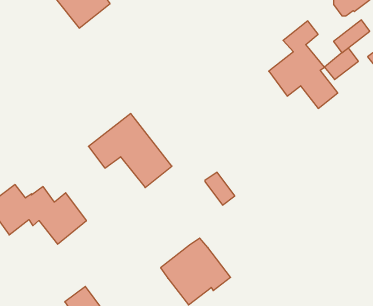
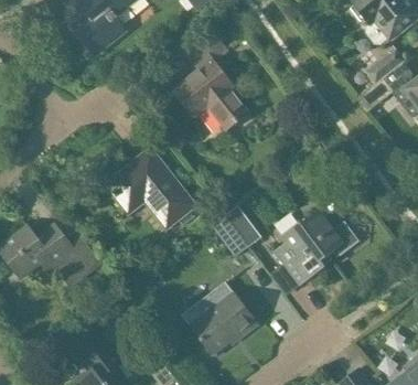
building: [269,21,338,108] -> [172,35,246,129]
building: none -> [274,212,361,286]
building: none -> [211,215,248,257]

